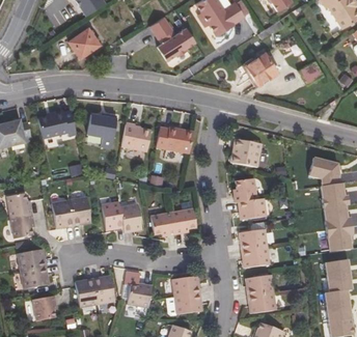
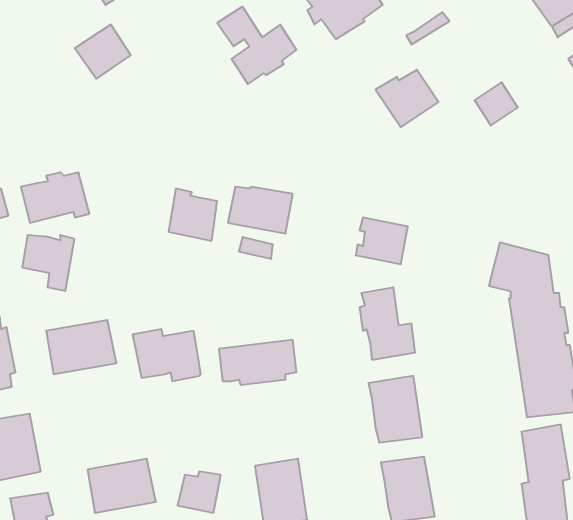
building: [87,116,117,148] -> [22,235,74,291]

